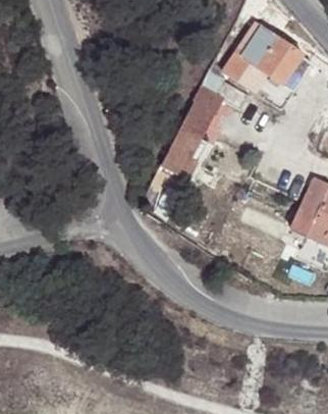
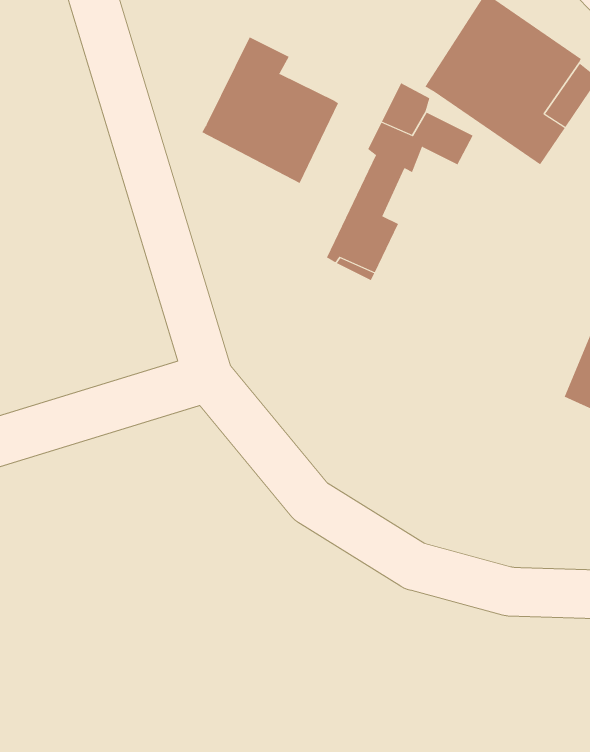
building: none -> [201,36,339,184]

